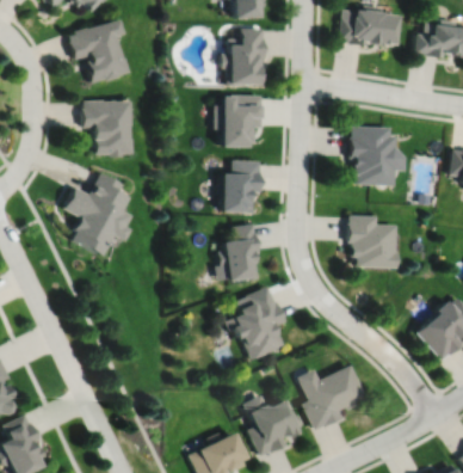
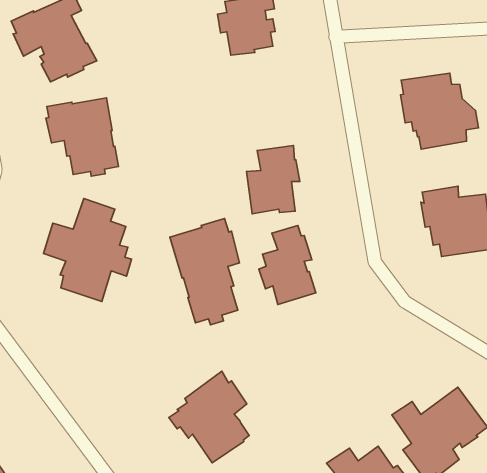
building: [216,96,265,149] -> none
building: none -> [170,219,240,325]
building: [227,291,286,358] -> [169,371,249,463]

